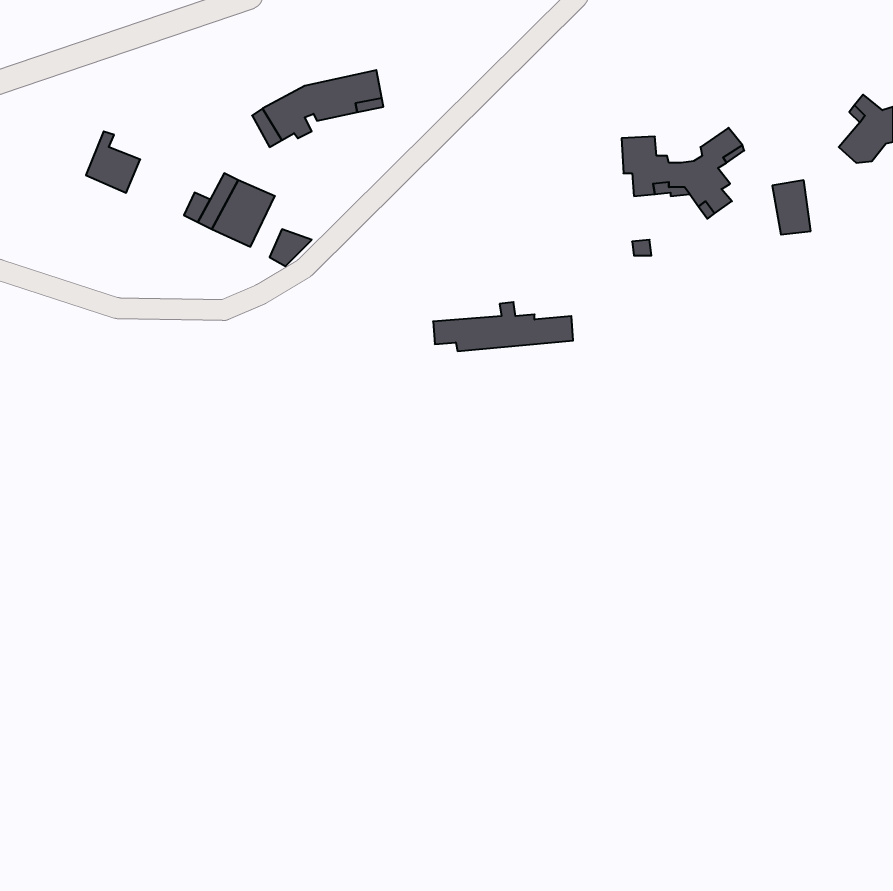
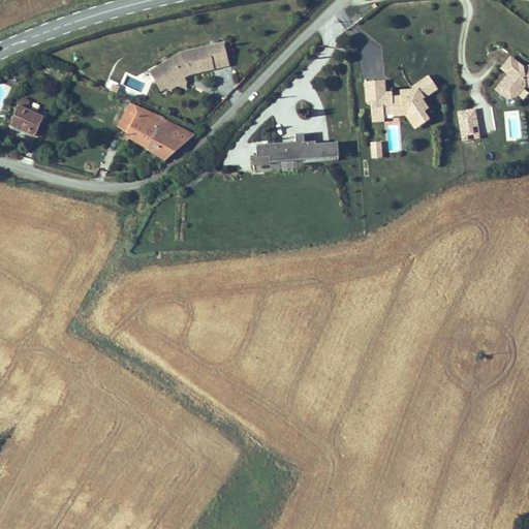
building: [86,131,140,193] -> [10,102,42,138]
building: none -> [148,116,192,152]
building: [433,302,573,351] -> [258,134,341,163]

